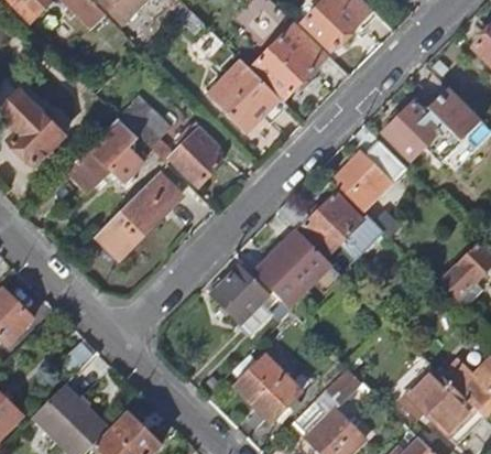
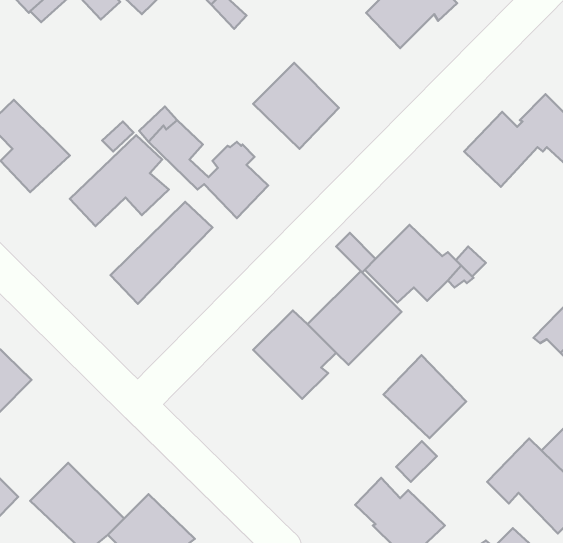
building: [255,24,328,98] -> none
building: [334,141,404,209] -> none
building: [236,355,303,422] -> [383,355,466,438]

